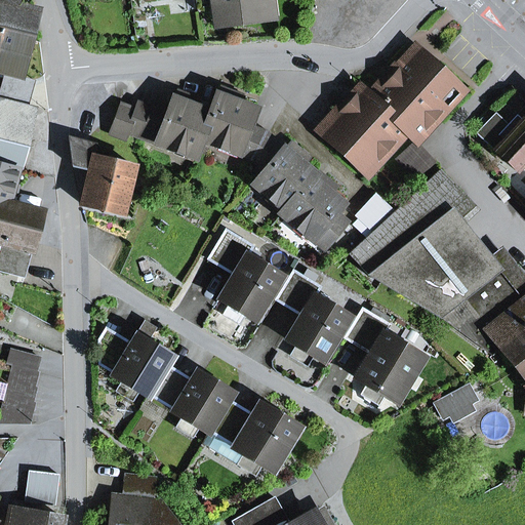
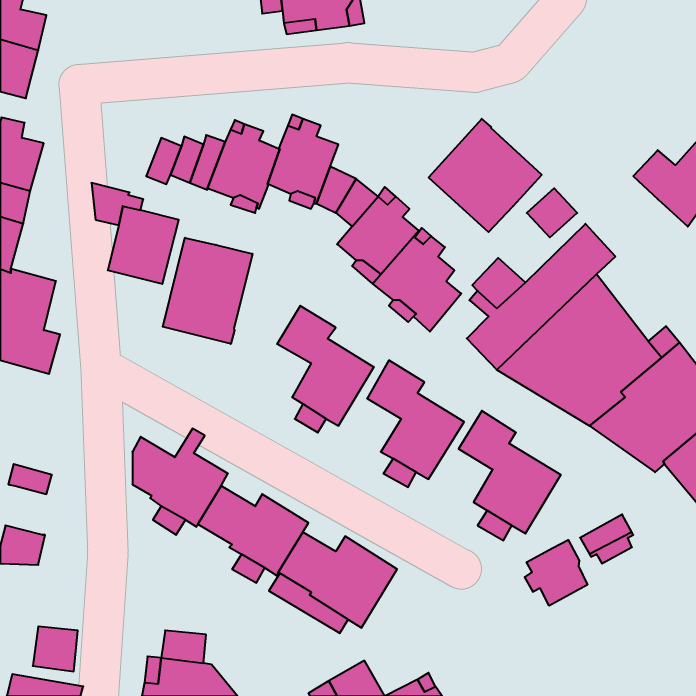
building: [370,49,465,137] -> none
building: none -> [163,238,252,344]
building: [5,365,39,402] -> none
building: none -> [525,540,587,606]

